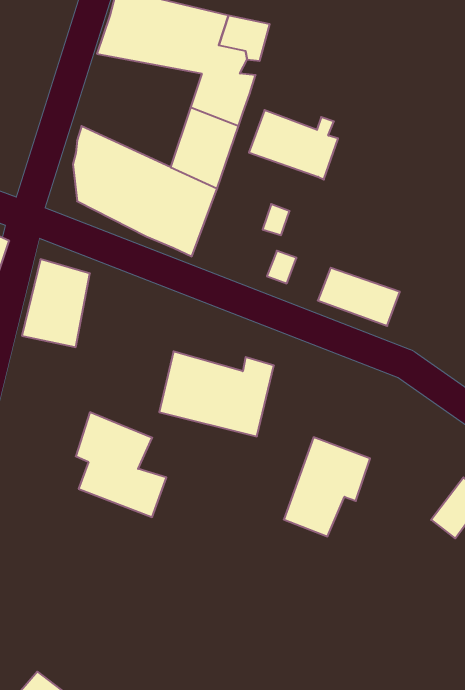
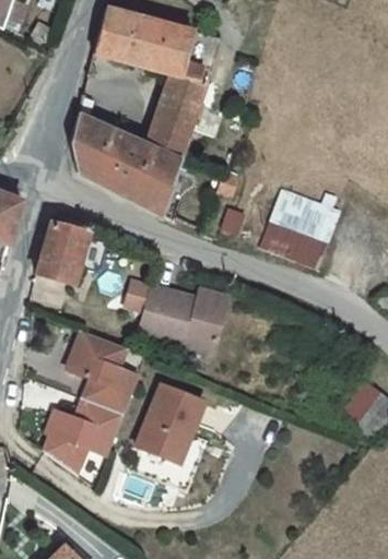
building: [249,110,338,180] -> [270,189,339,242]
building: [284,437,370,536] -> [145,394,212,471]
building: none -> [46,392,132,469]

